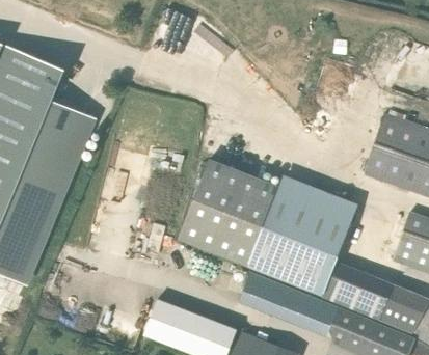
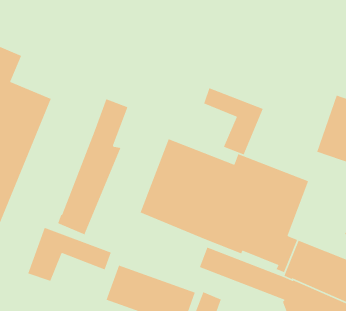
building: none -> [203,87,264,156]
building: none -> [57,98,128,236]
building: none -> [27,227,112,282]

